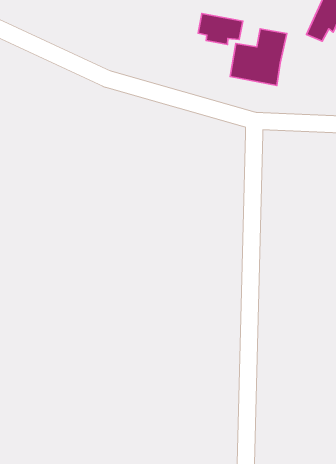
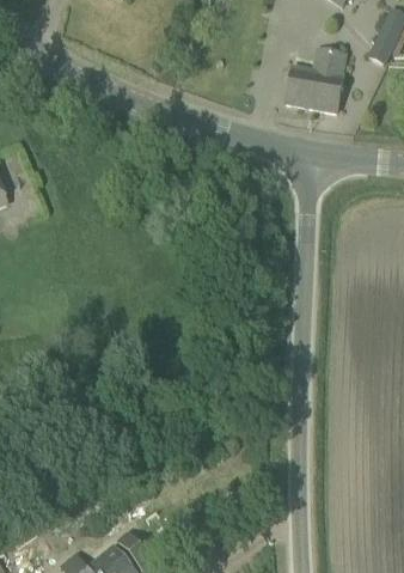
building: [198,13,243,44] -> none

